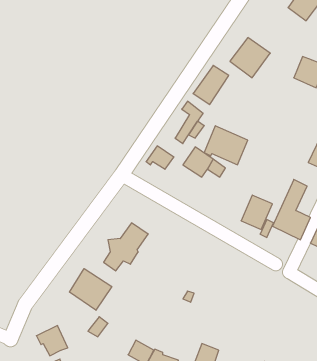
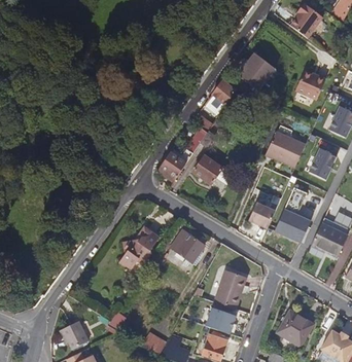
building: [204,126,248,165] -> [265,130,305,166]
building: none -> [169,233,204,266]
building: [69,269,112,310] -> none
building: none -> [215,272,244,310]
building: none -> [206,309,237,334]
building: none -> [279,314,312,347]

